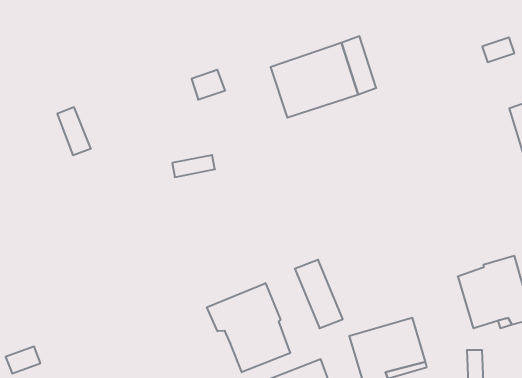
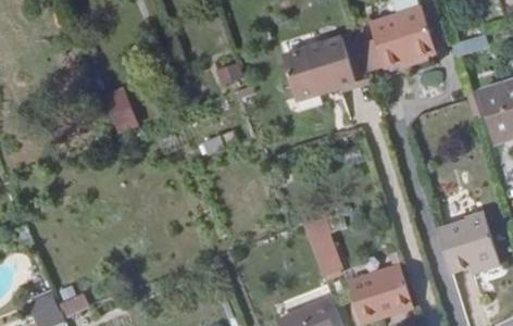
building: none -> [368,8,435,68]
building: [207,283,290,372] -> none

